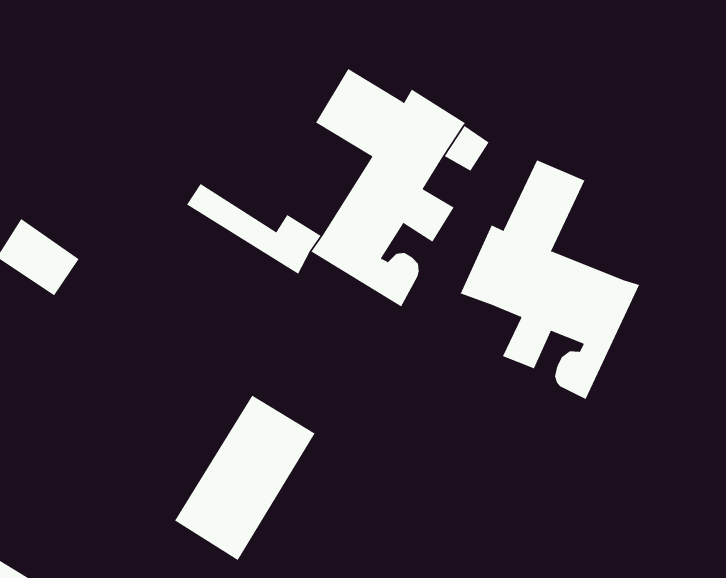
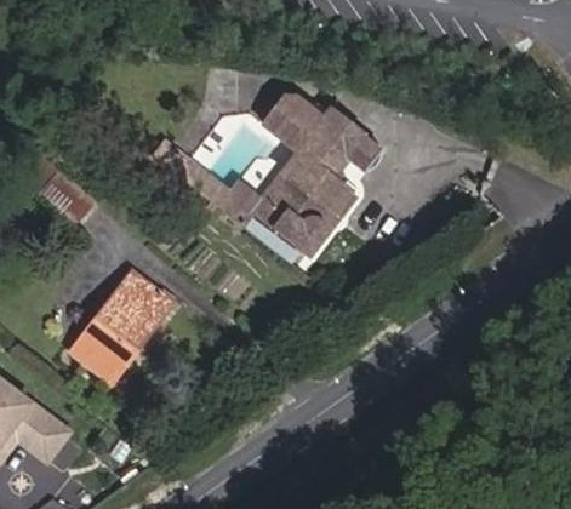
building: [460,159,640,400] -> none
building: [174,395,316,561] -> [72,273,172,383]

